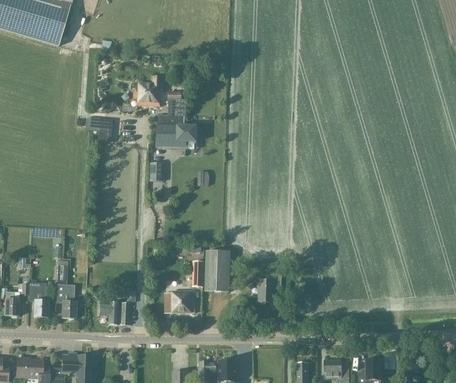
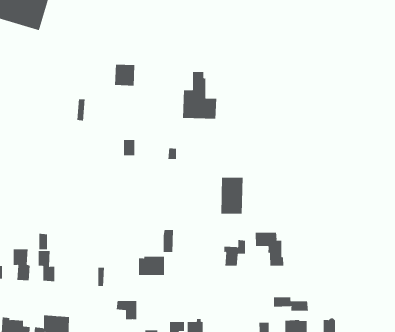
building: [157,93,195,145] -> [182,71,217,119]
building: [205,251,230,291] -> [220,177,243,214]
building: none -> [255,232,284,266]
building: [98,302,121,323] -> [116,300,137,320]
building: none -> [273,296,308,312]

